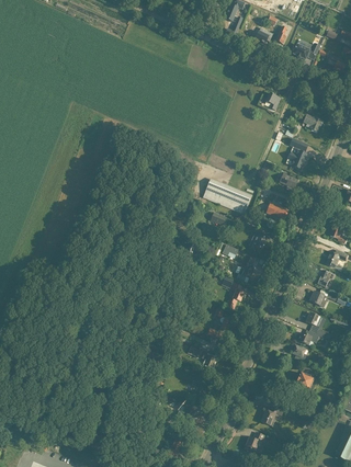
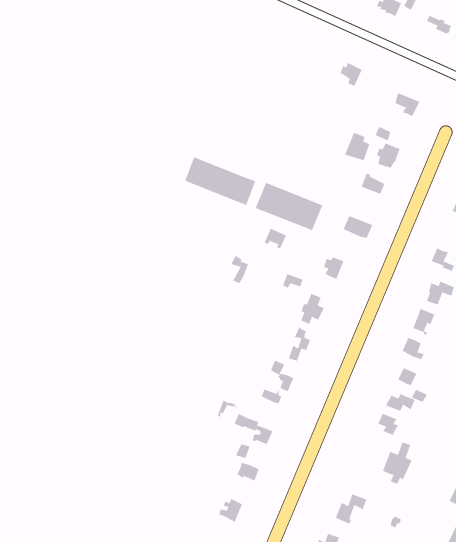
building: none -> [184,156,256,206]

